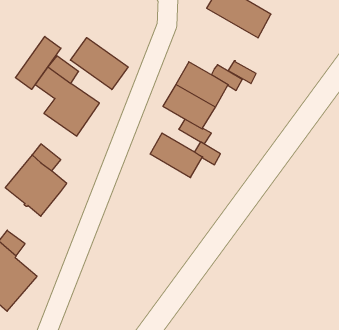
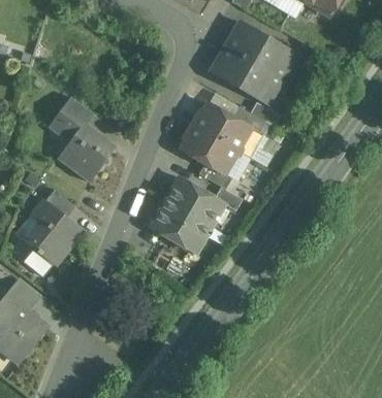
building: none -> [213,47,281,103]
building: [15,36,61,89] -> none
building: [70,38,128,90] -> none
building: none -> [152,199,211,253]

